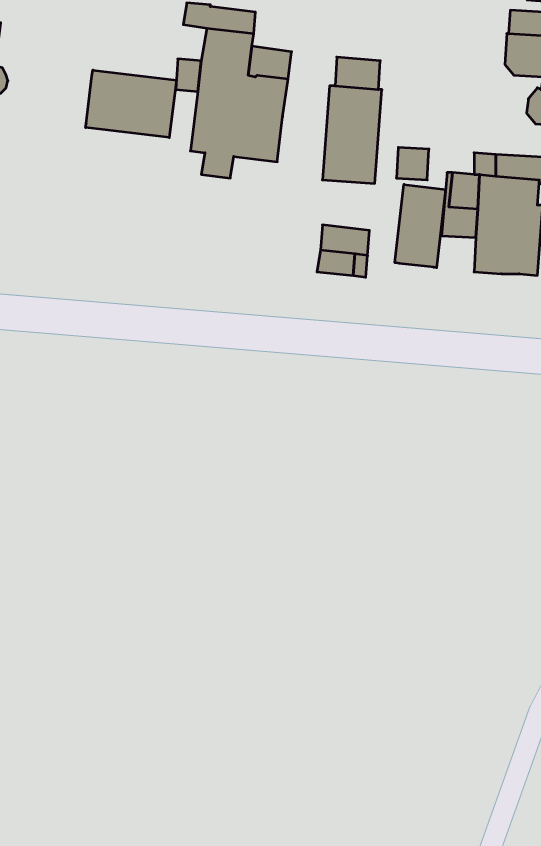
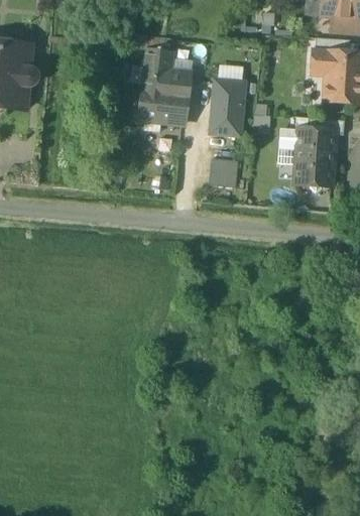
building: [86,70,177,138] -> none
building: [395,184,446,268] -> none

